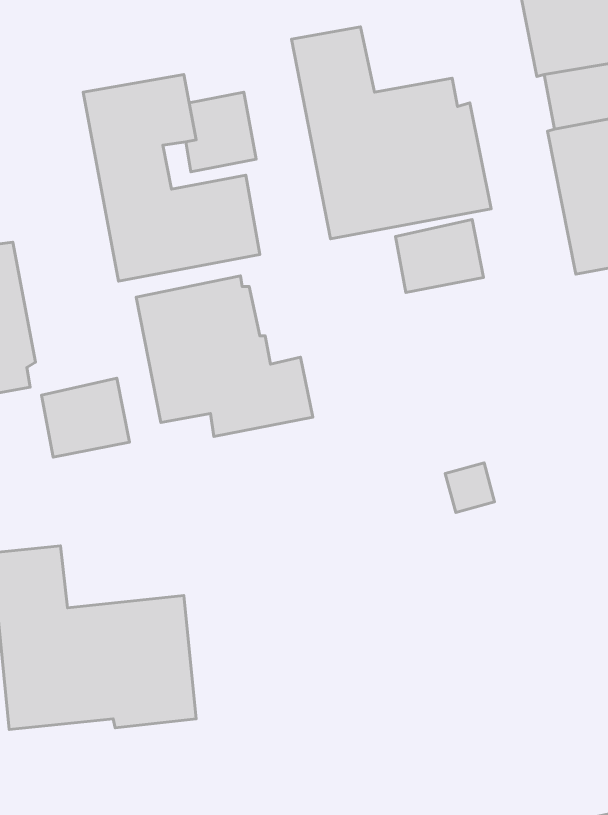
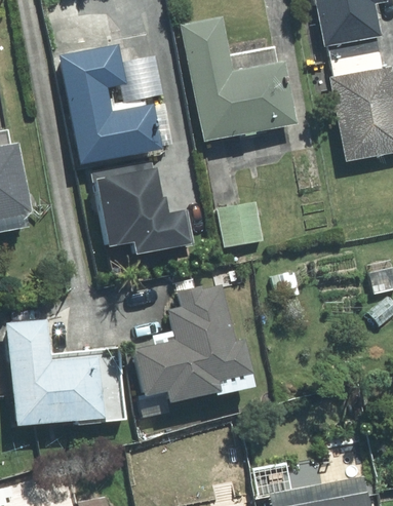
building: [395,220,483,293] -> none
building: none -> [218,202,263,247]
building: [41,378,130,457] -> none
building: none -> [135,284,256,417]

